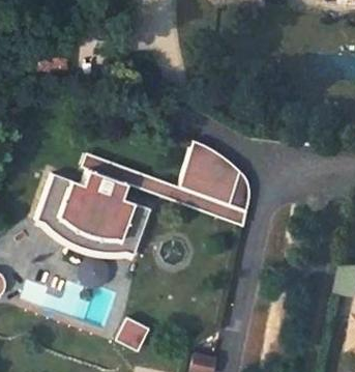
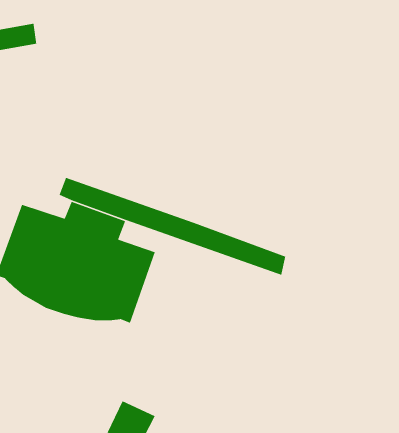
building: [177,140,246,209] -> none

